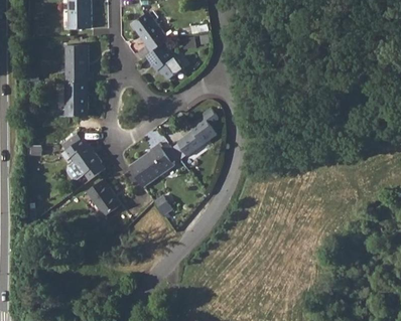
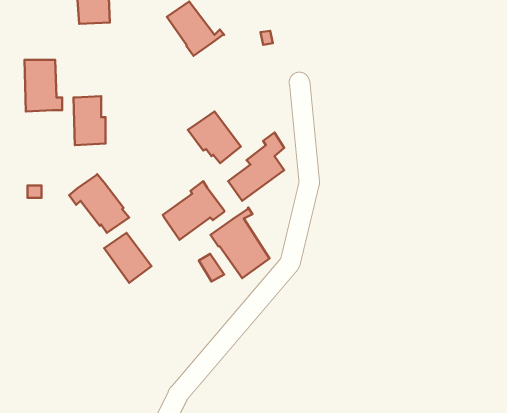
building: [145,42,183,79] -> [188,112,241,163]
building: [64,44,92,82] -> [25,60,62,111]
building: none -> [211,208,270,278]

